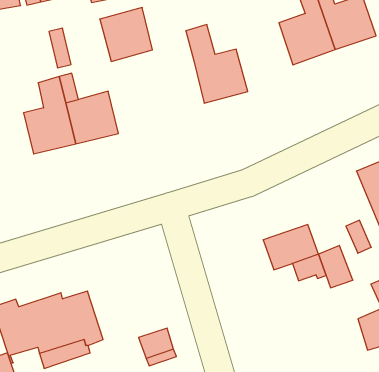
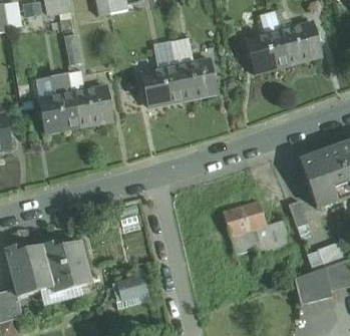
building: [100,8,152,61] -> [142,65,183,106]
building: none -> [230,231,274,258]

